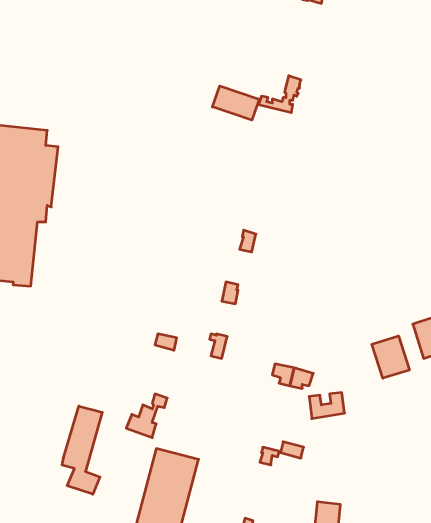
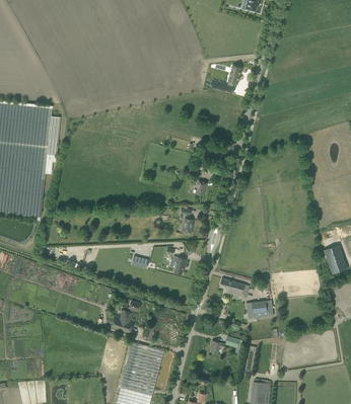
building: [212,86,259,120] -> none
building: [372,336,409,378] -> none
building: [62,406,102,494] -> none

